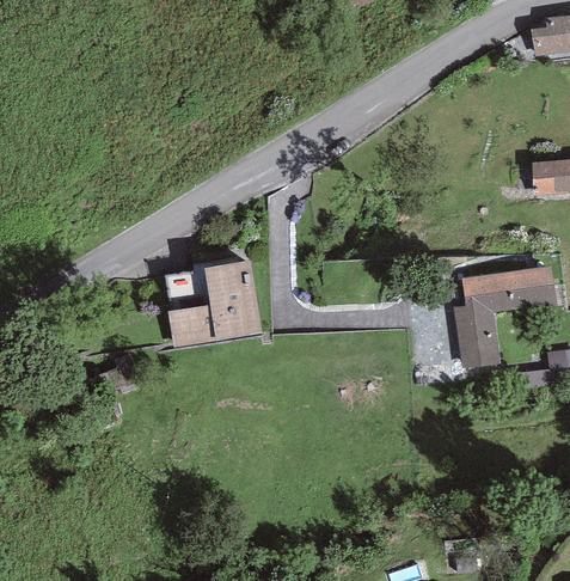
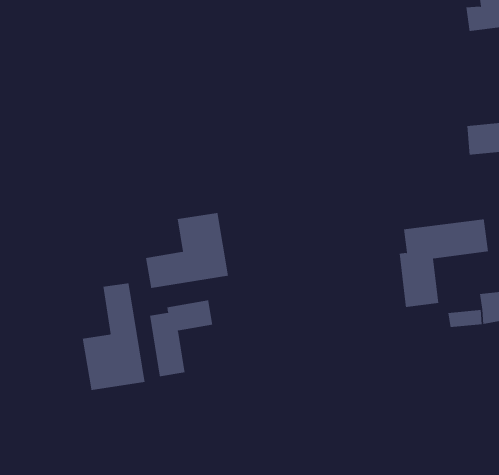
building: none -> [82,282,145,391]
building: none -> [150,299,213,377]

